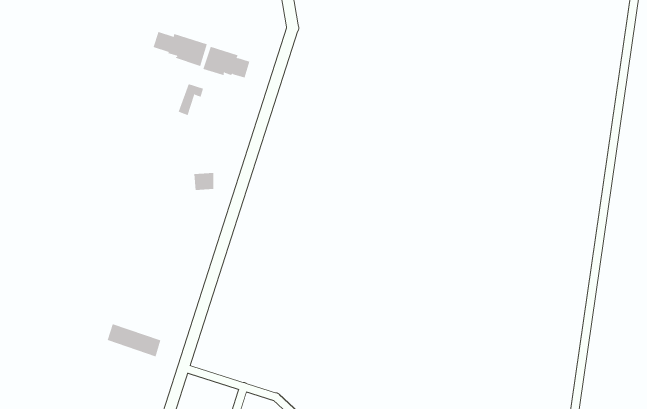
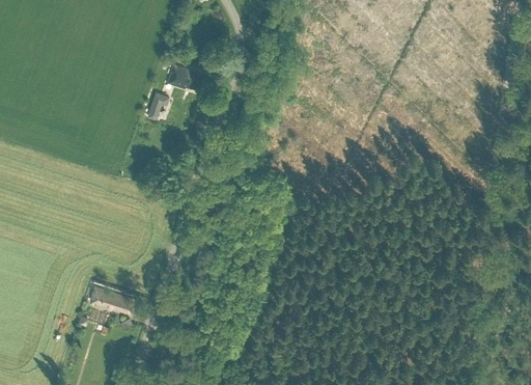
building: [153,31,207,67] -> none

